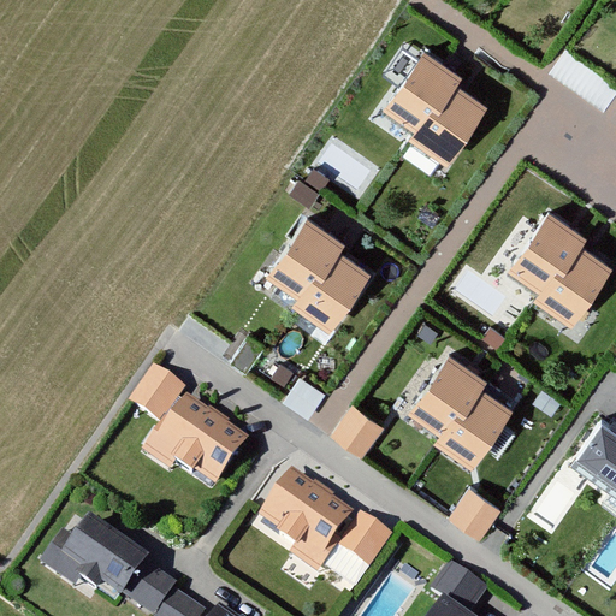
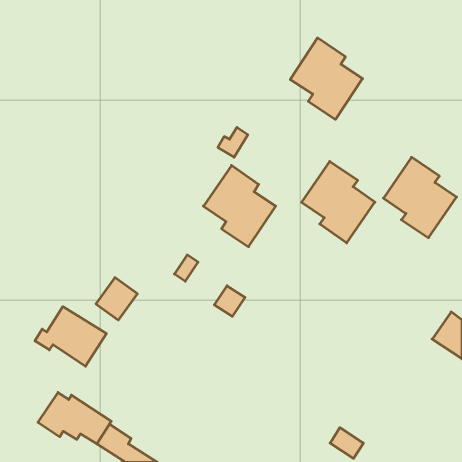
building: [409,353,507,461] -> [302,161,375,243]
building: [153,403,248,482] -> [35,307,106,366]
building: [334,408,385,458] -> none
building: [266,475,355,564] -> none
building: [452,487,503,538] -> none
building: [340,520,391,570] -> none

